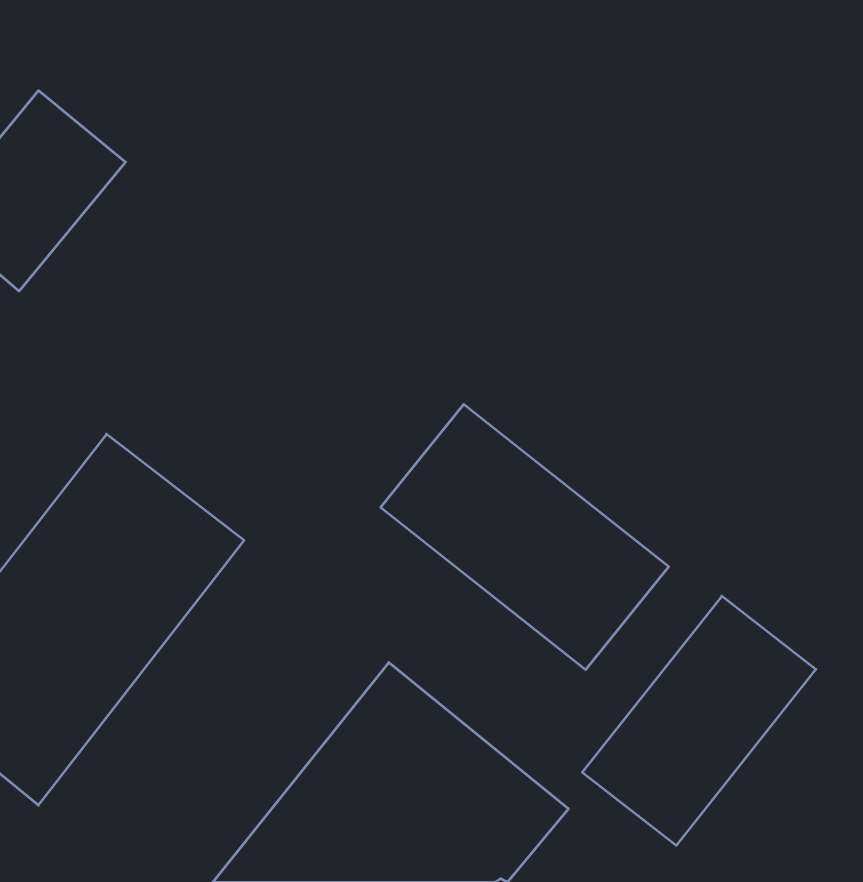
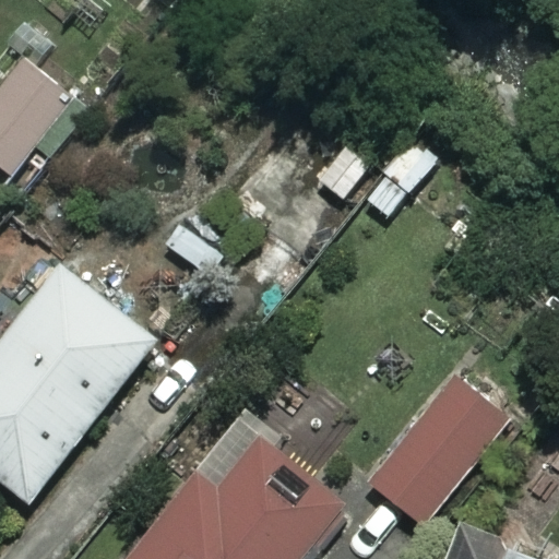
building: [381,404,669,670] -> none

